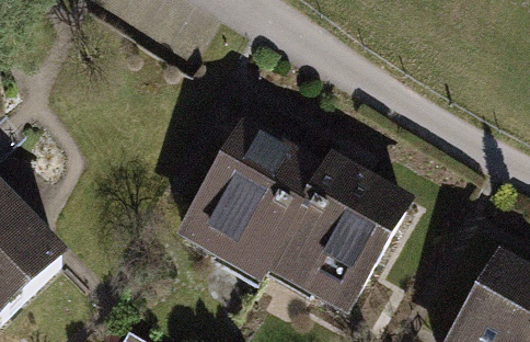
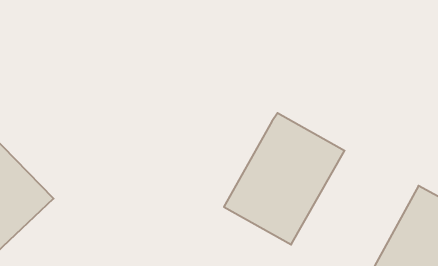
building: [178,122,324,282] -> none

